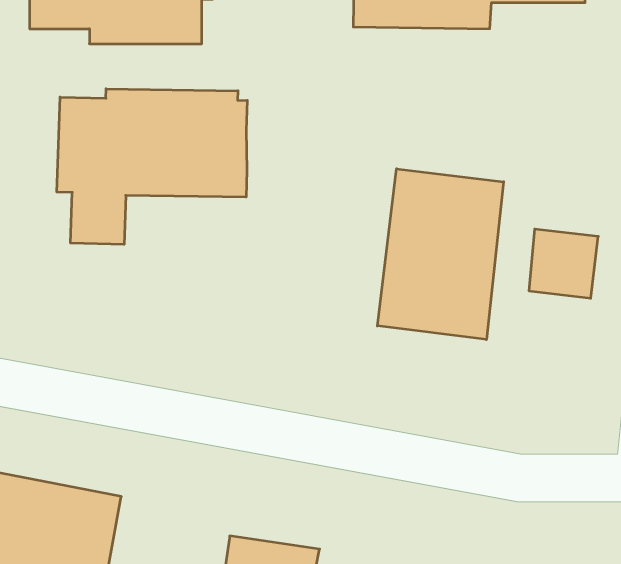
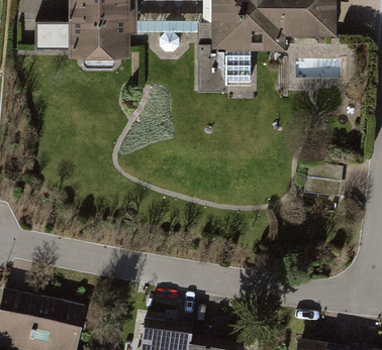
building: [57,89,247,244] -> none
building: [377,169,504,340] -> none

